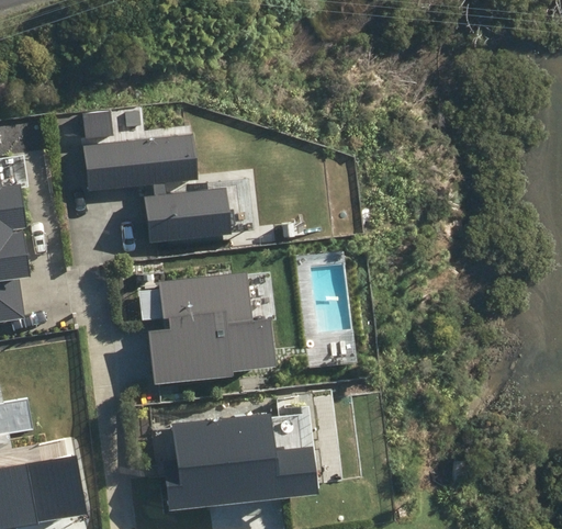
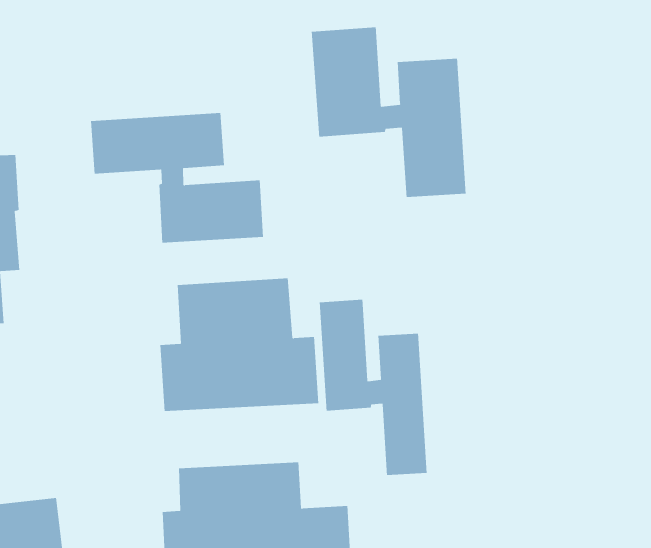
building: none -> [311,27,466,198]
building: none -> [319,299,427,476]

